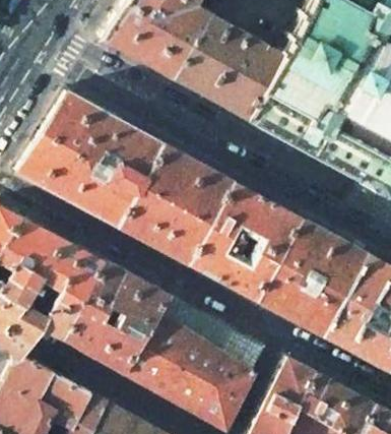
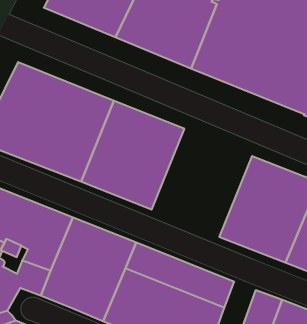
building: [191,185,302,302] -> none

